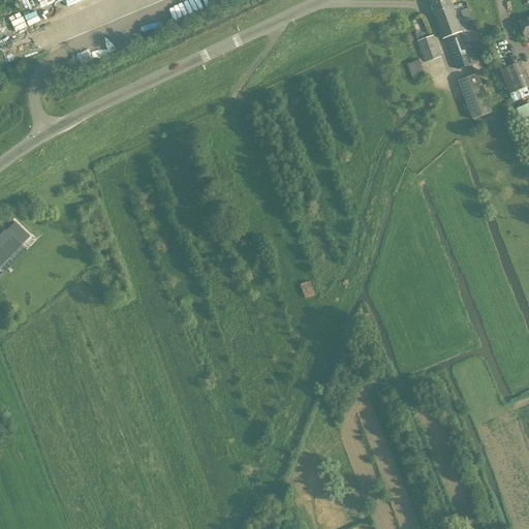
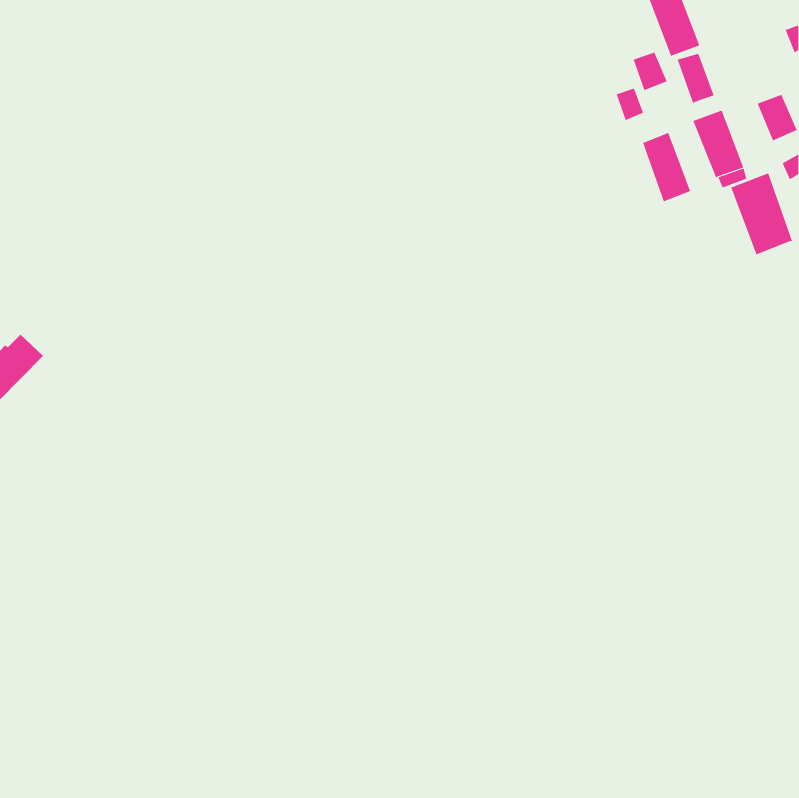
building: none -> [642,132,691,202]
building: none -> [730,172,793,255]

